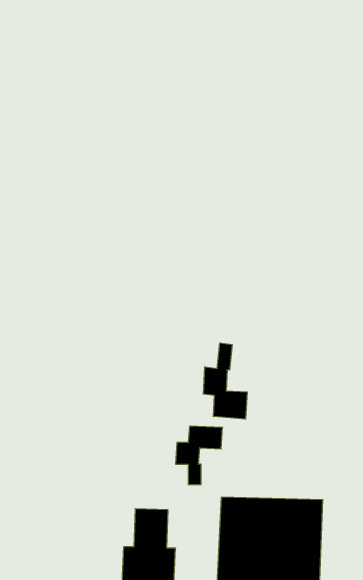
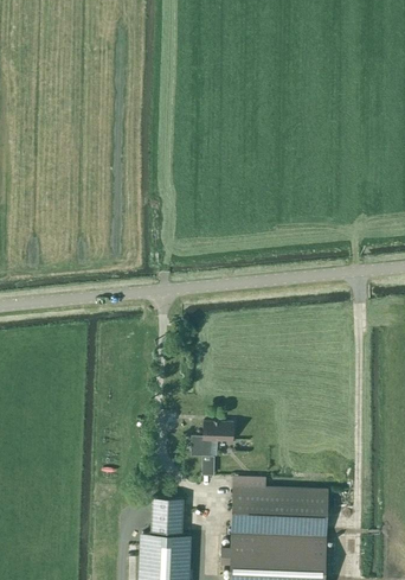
building: [203,343,247,419] -> none

